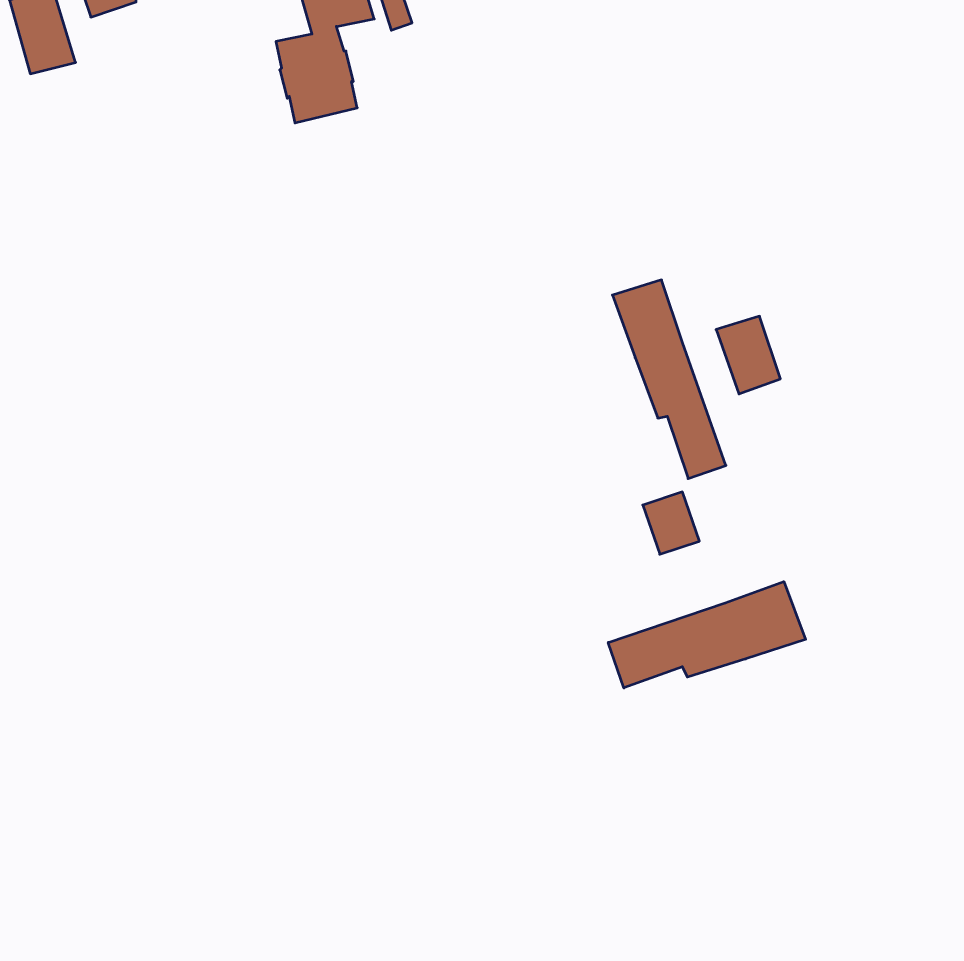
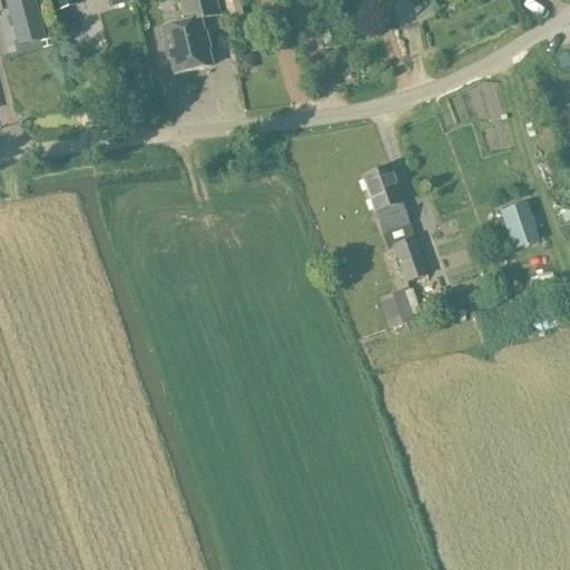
building: [716,316,780,394] -> [500,202,538,247]
building: [608,582,806,688] -> none

